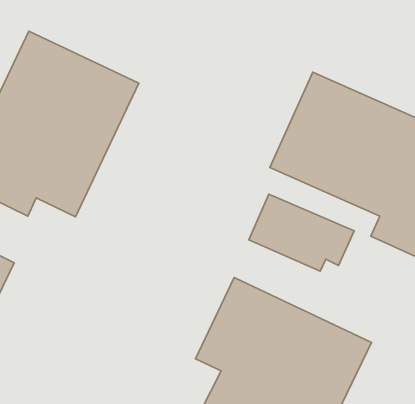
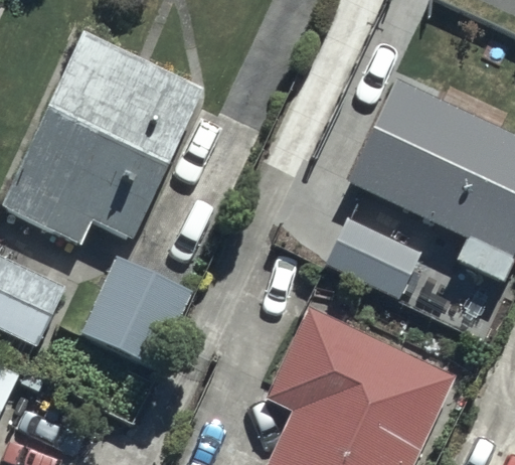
building: none -> [76,252,194,368]

